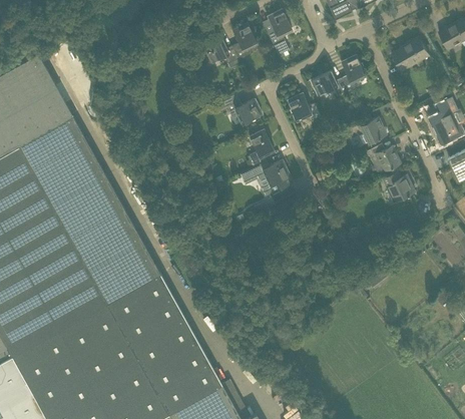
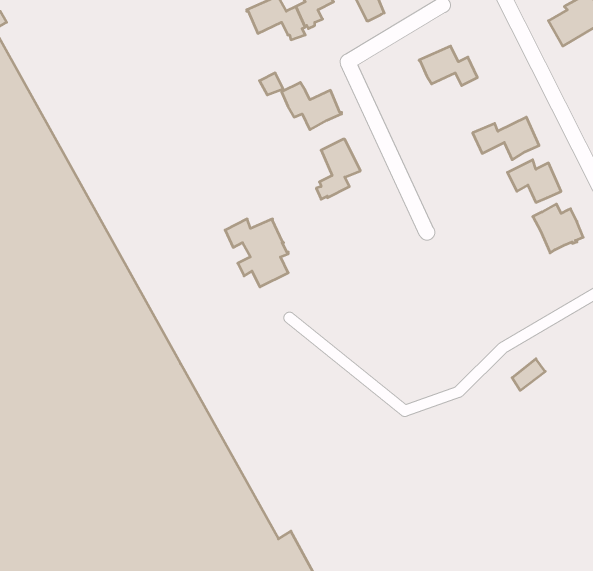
building: [341,54,365,90] -> none
building: [287,92,321,120] -> none
building: [252,159,292,202] -> [225,219,288,287]

